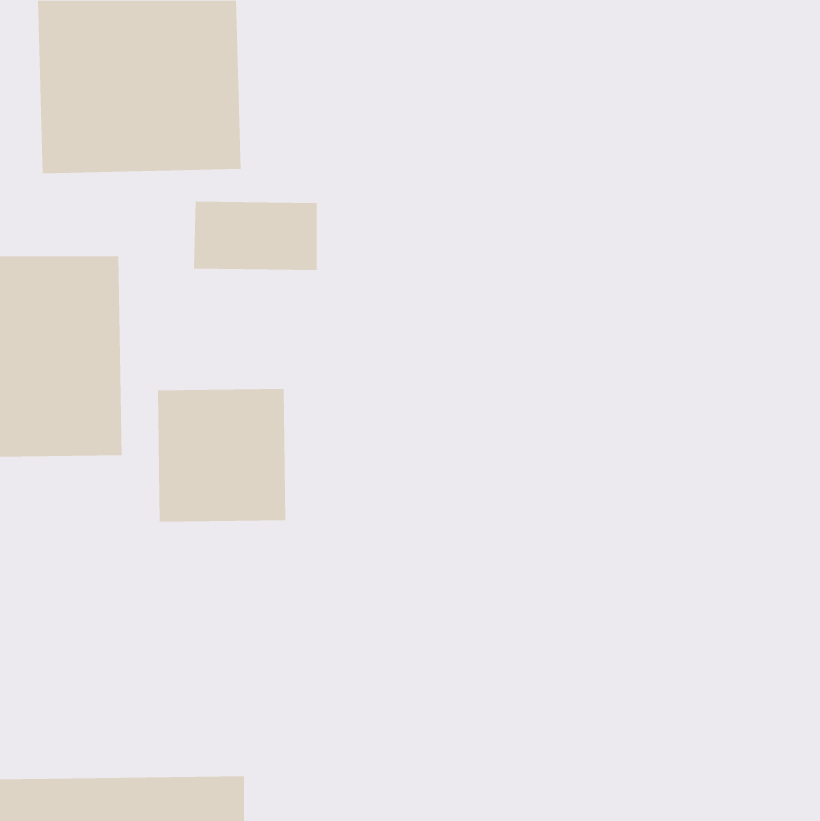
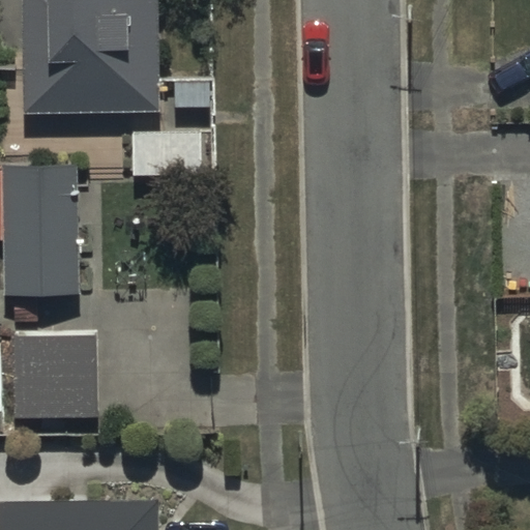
building: [157,389,286,522] -> [12,333,95,419]

